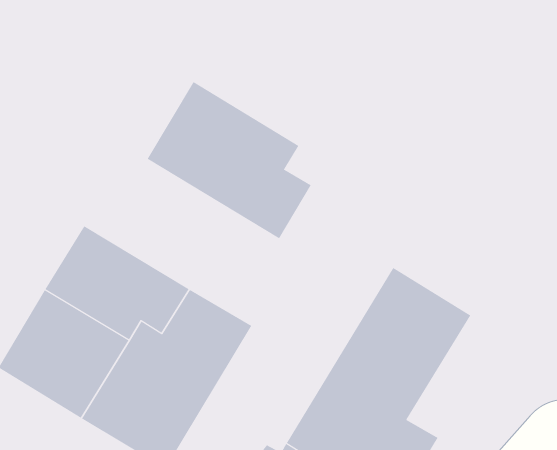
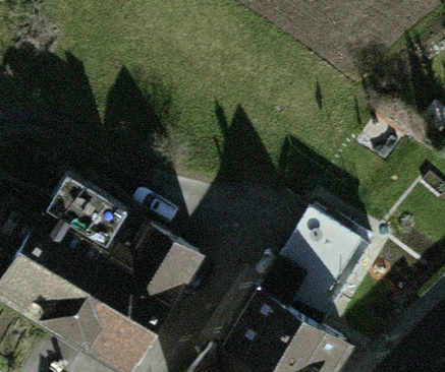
building: [147,81,311,239] -> none

